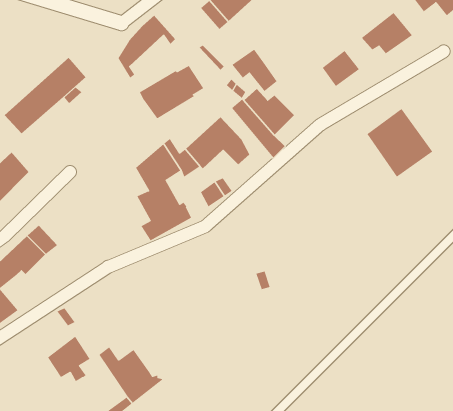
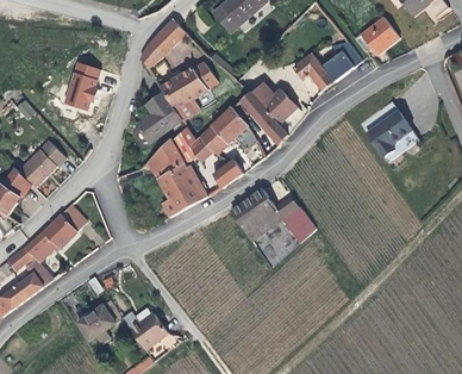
building: [232,49,278,92] -> [293,54,333,92]
building: none -> [139,94,182,142]
building: none -> [232,189,316,243]

